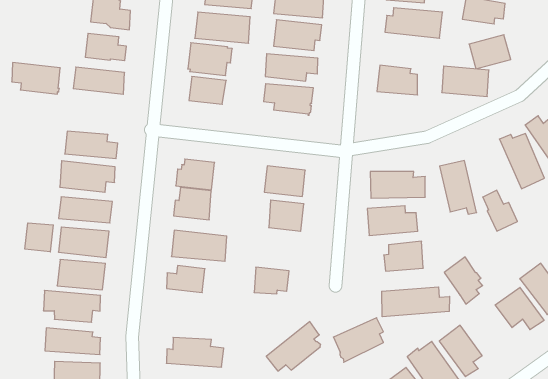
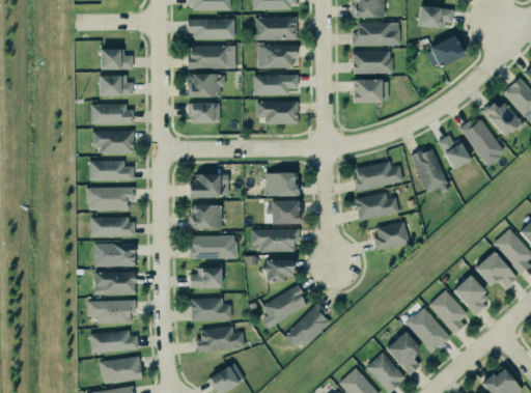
building: [12,63,60,94] -> [90,131,133,153]
building: [442,66,489,96] -> [353,51,393,75]
building: [483,190,517,231] -> [437,135,469,170]
building: [25,223,53,252] -> none
building: none -> [250,228,298,251]
building: [444,257,483,304] -> [452,276,486,316]
building: [382,287,450,317] -> none
building: none -> [191,299,232,321]
building: [333,318,383,362] -> [261,284,305,326]

